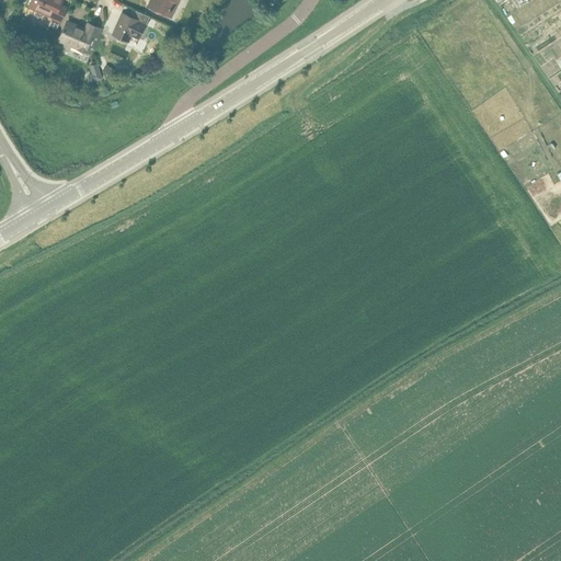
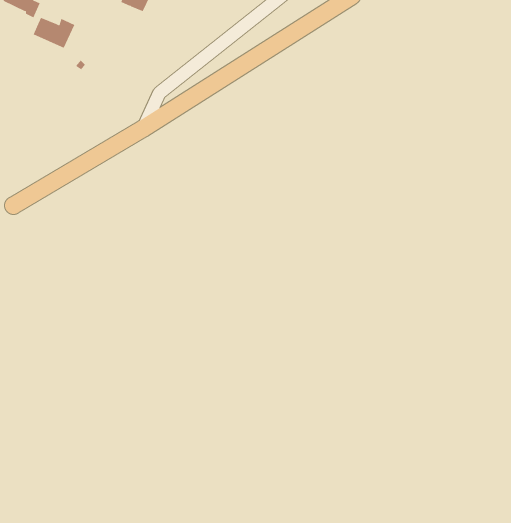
building: [111,12,147,42] -> none

